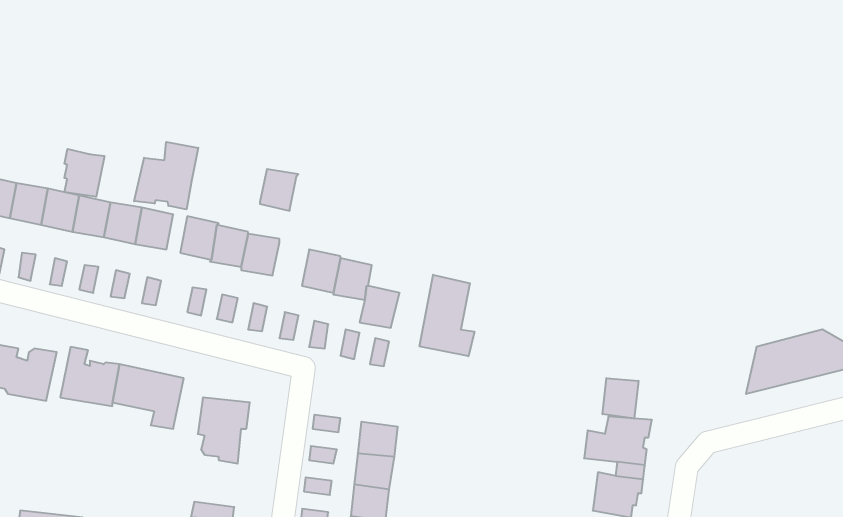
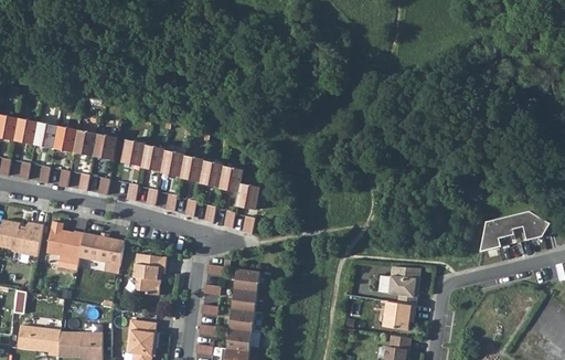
building: [134,142,198,209] -> none
building: [64,149,104,197] -> none
building: [260,169,298,211] -> [180,156,204,182]
building: [420,275,474,356] -> none
building: [603,378,638,419] -> none

